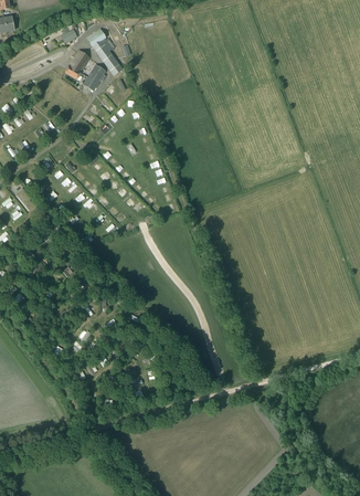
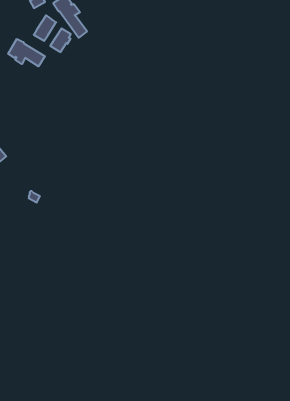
building: none -> [8,39,45,66]

